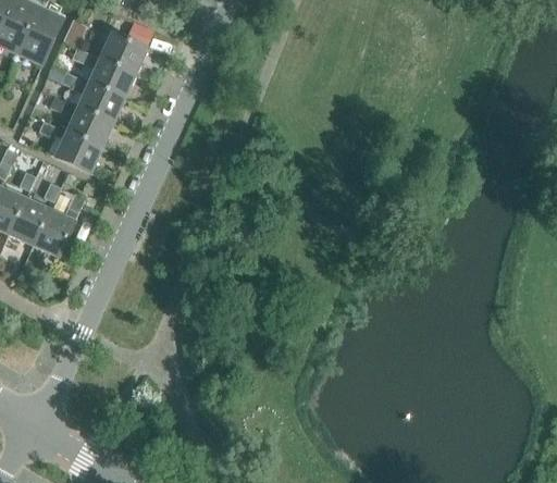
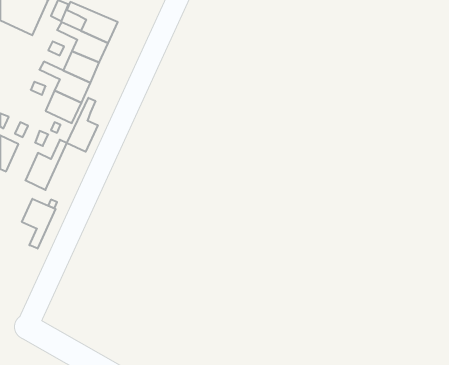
building: none -> [67,98,98,152]
building: [8,198,47,243] -> none
building: none -> [22,199,56,249]

